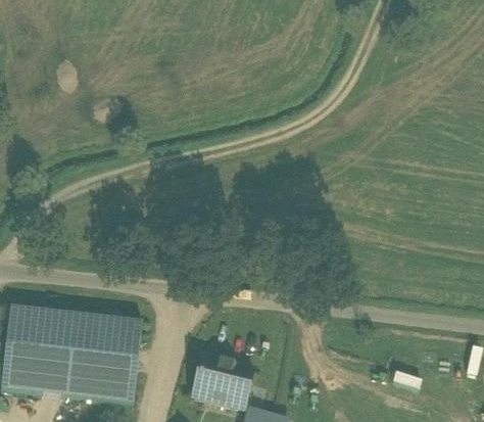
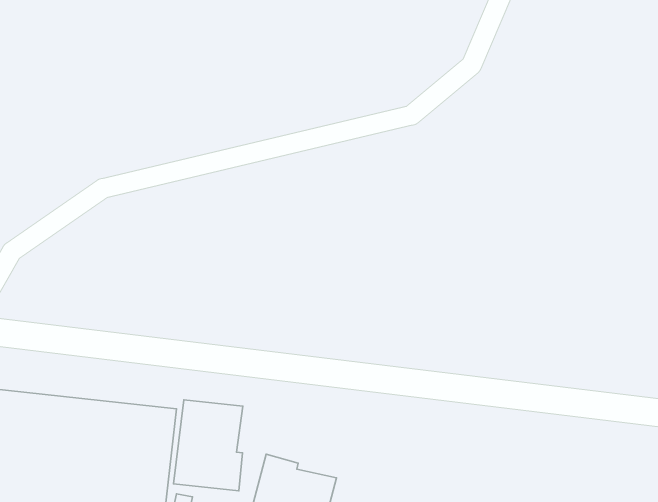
building: none -> [173,400,243,491]

